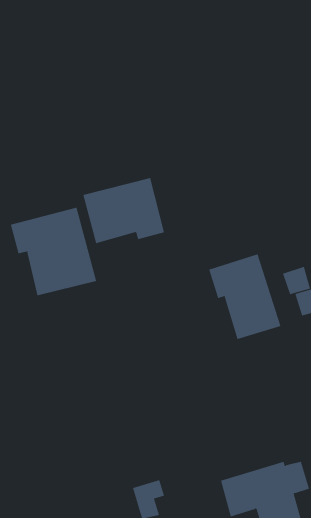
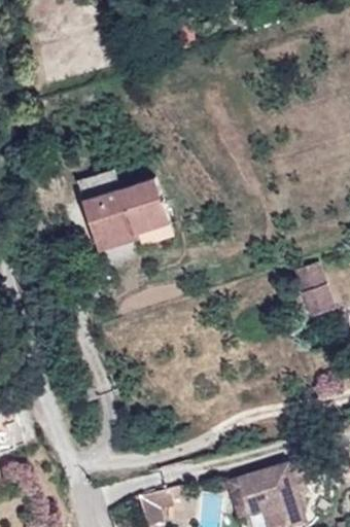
building: [10,207,97,296] -> none
building: [208,254,281,340] -> none

